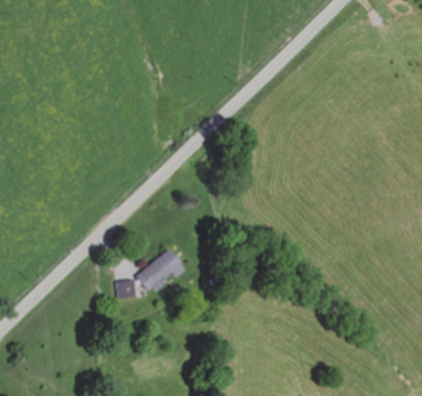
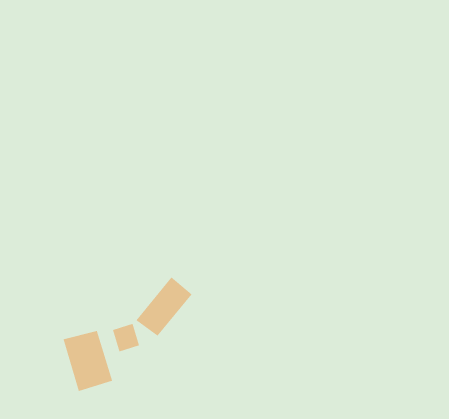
building: none -> [63,330,113,392]

